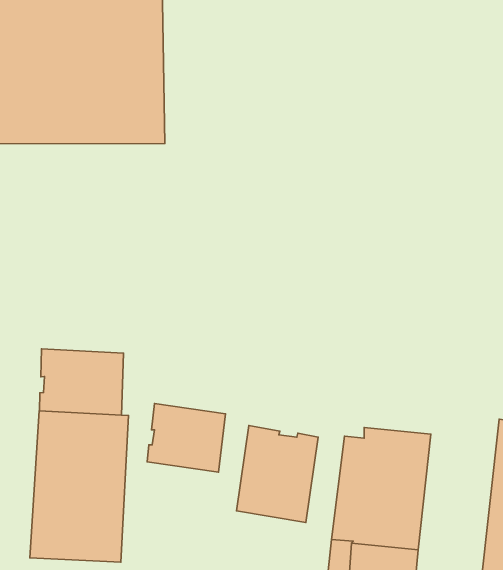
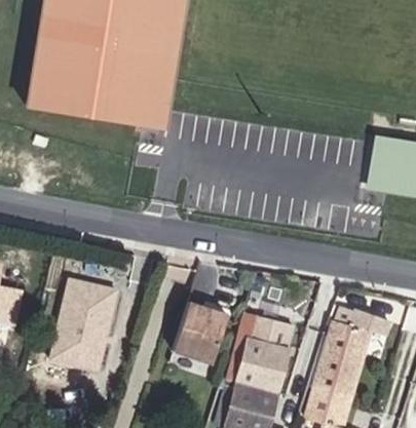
building: [40,349,123,415] -> none
building: [147,404,226,472] -> none

